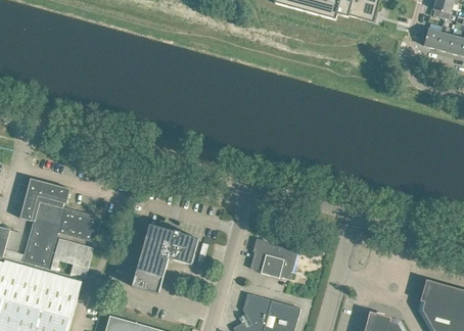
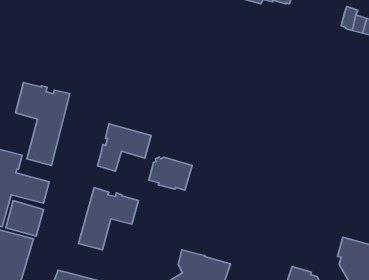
building: none -> [16,83,70,165]
building: none -> [98,124,151,171]
building: [249,242,297,279] -> [149,157,192,190]

